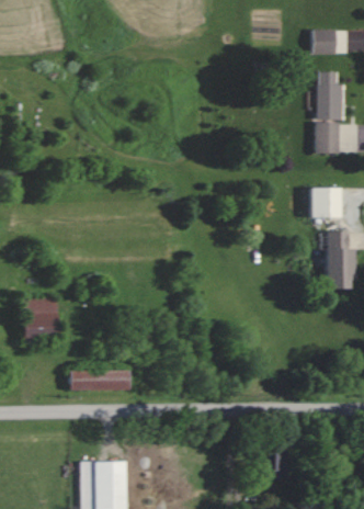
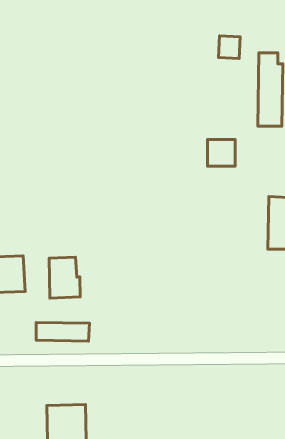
building: [312,29,337,54] -> [218,36,240,59]
building: [310,186,341,216] -> [207,139,235,166]
building: none -> [49,257,80,298]

